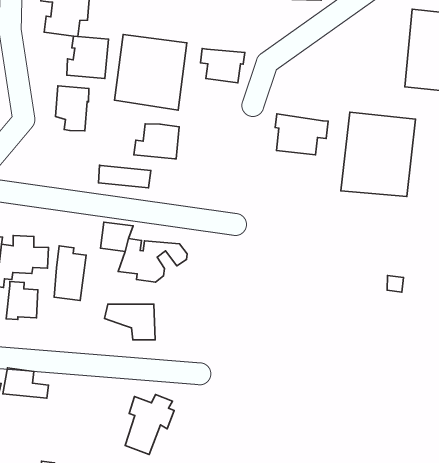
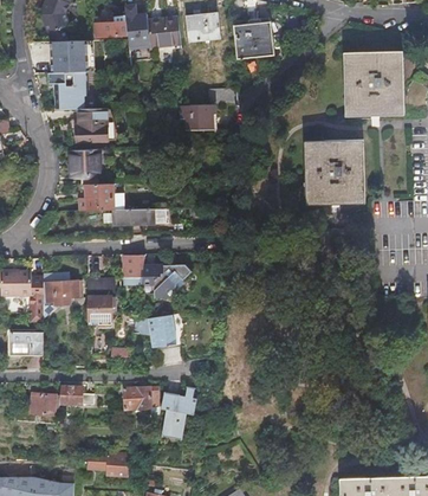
building: [114,34,187,110] -> none
building: [275,114,328,155] -> none
building: [134,124,179,159] -> [79,185,114,212]
building: [6,282,38,319] -> none
building: none -> [123,387,158,408]

